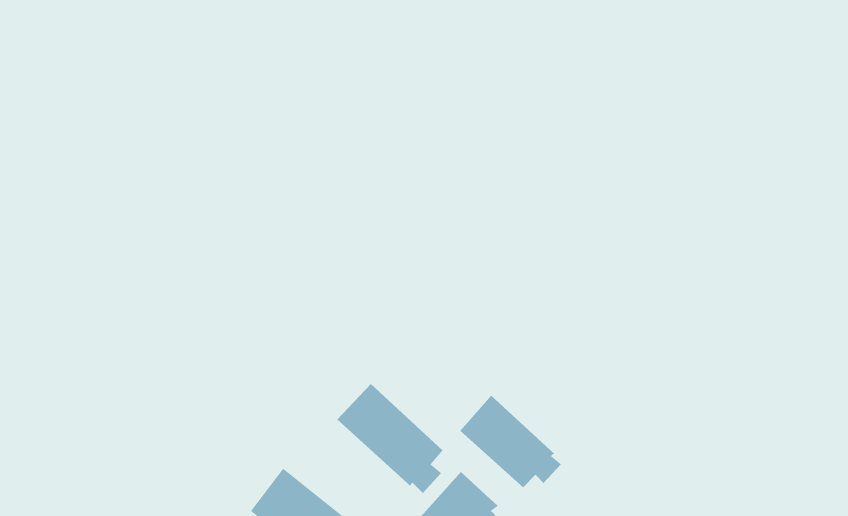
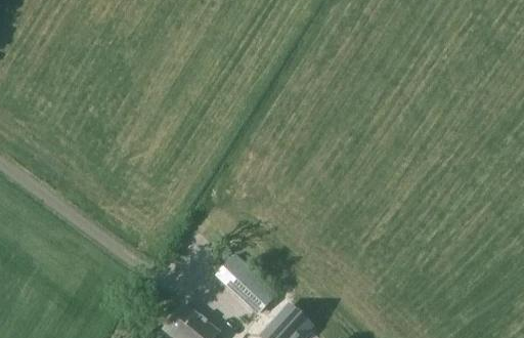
building: [460,395,562,488] -> none

